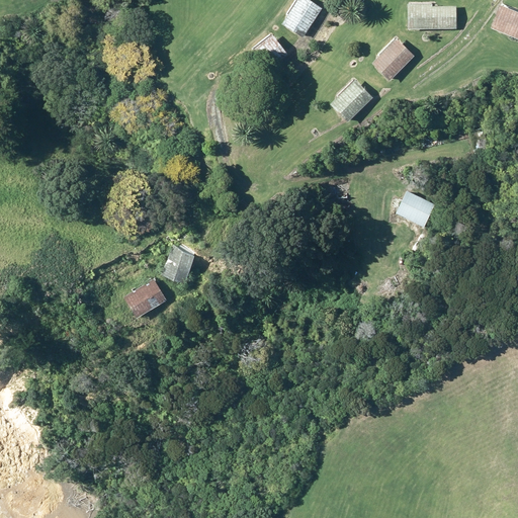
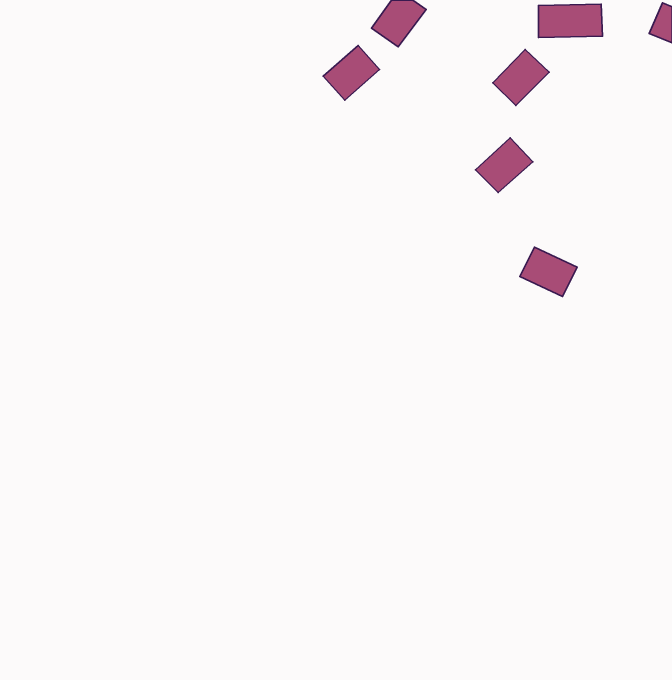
building: [331,81,374,122] -> [475,138,533,193]
building: [161,241,198,283] -> none
building: [123,277,166,317] -> none

